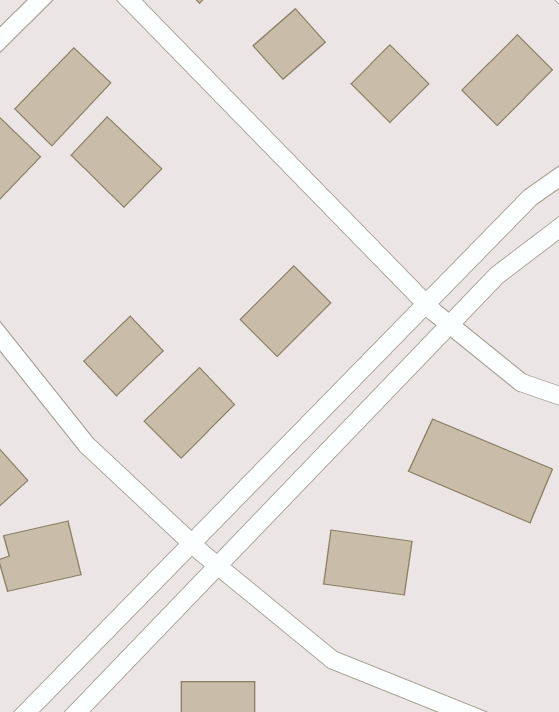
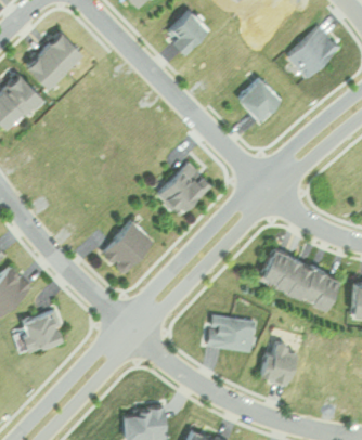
building: [351,45,429,123] -> [236,76,282,121]
building: [71,117,162,207] -> none
building: [84,316,163,396] -> none
building: none -> [261,341,302,388]

